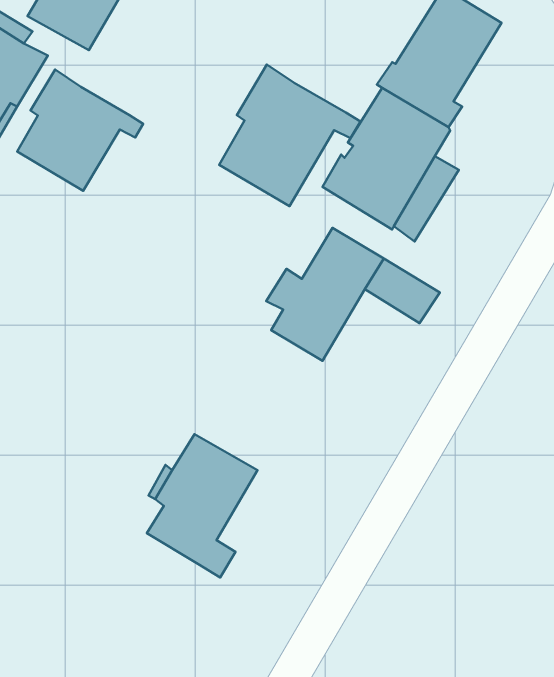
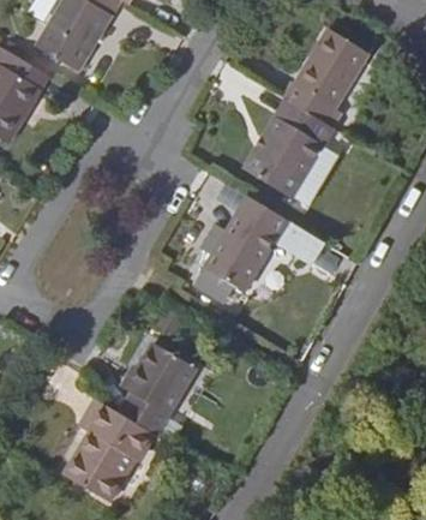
building: [219,64,360,206] -> none
building: [17,69,143,191] -> none
building: none -> [64,399,155,502]

